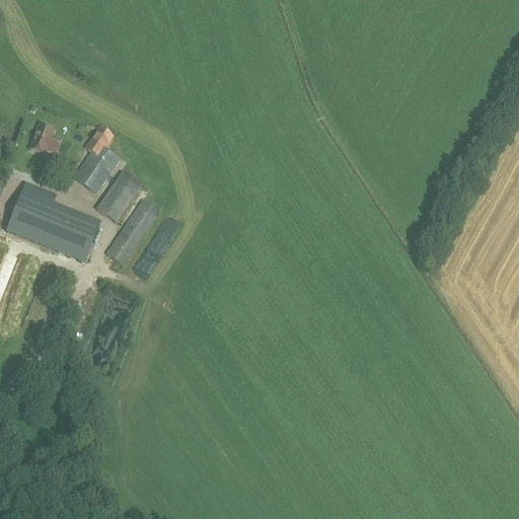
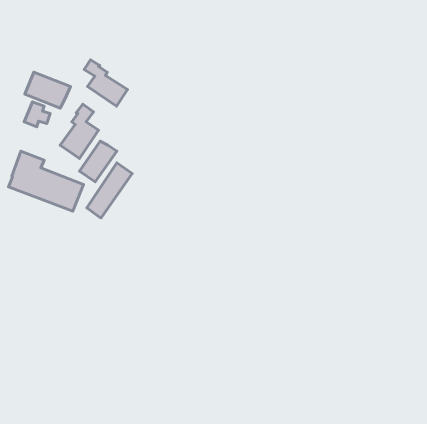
building: none -> [84,60,127,106]
building: none -> [25,72,70,108]

